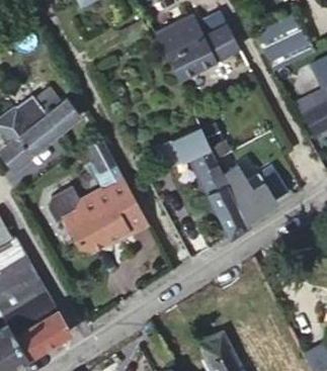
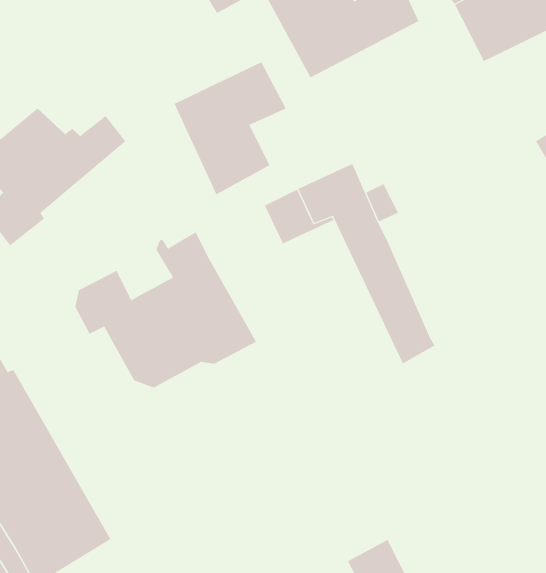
building: none -> [174,62,286,195]
building: [222,165,288,221] -> none

